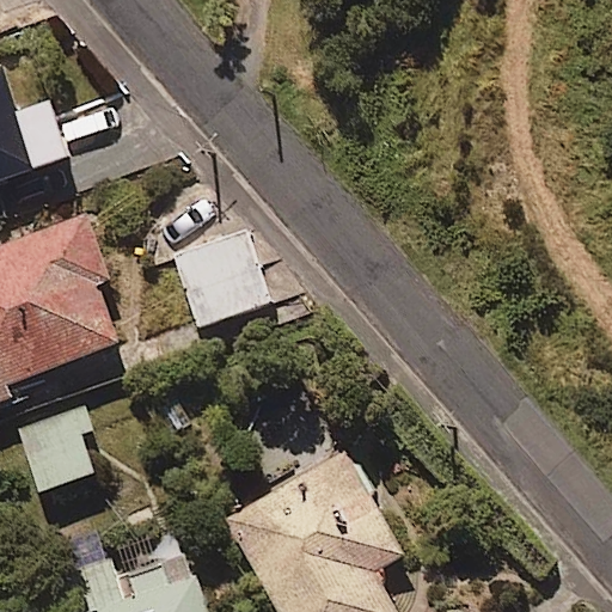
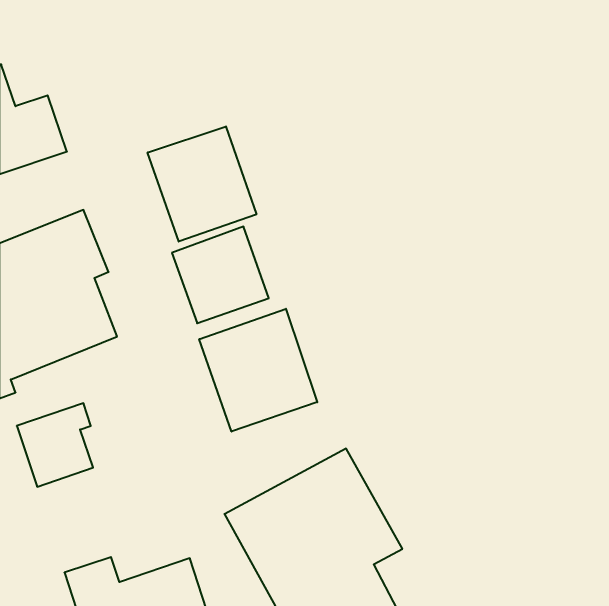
building: none -> [148,126,256,242]
building: none -> [199,309,317,432]

